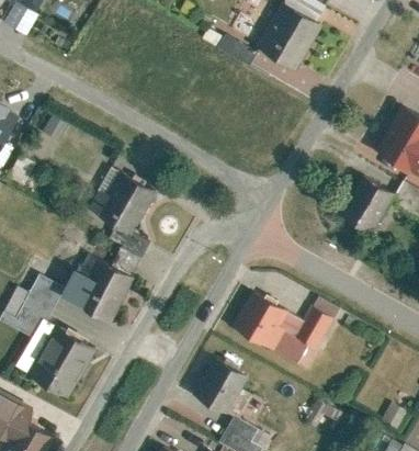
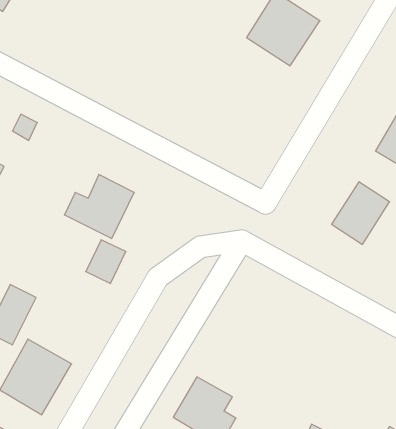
building: [64,256,133,318] -> none
building: [229,291,338,372] -> none

